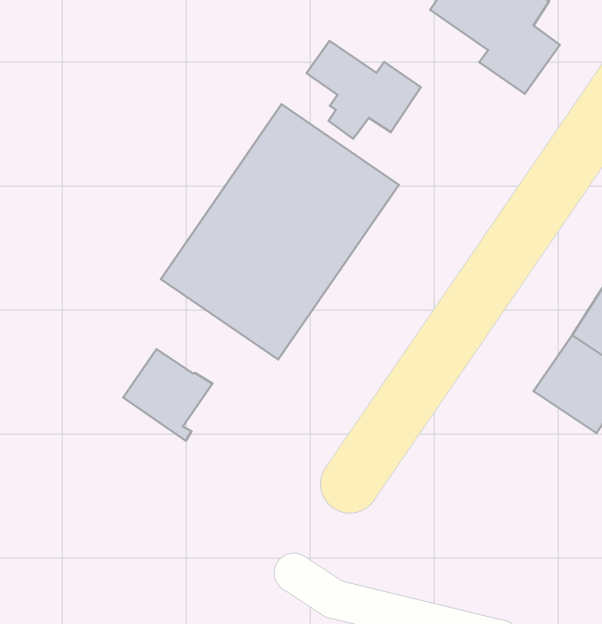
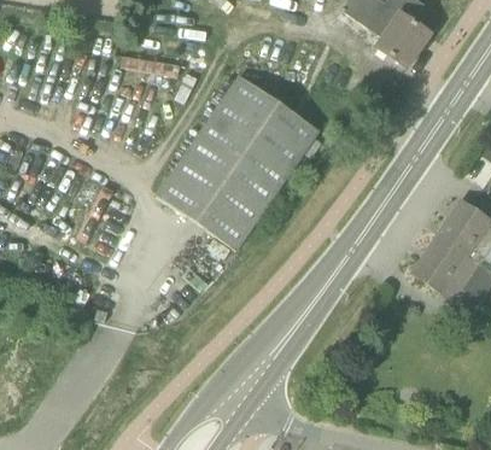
building: [307,41,421,139] -> none
building: [123,349,213,441] -> none

